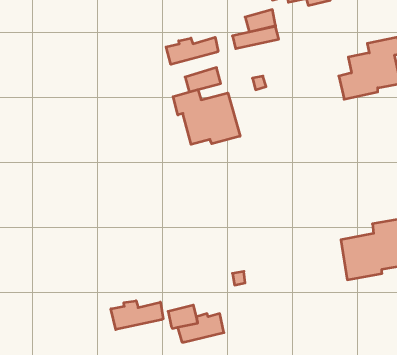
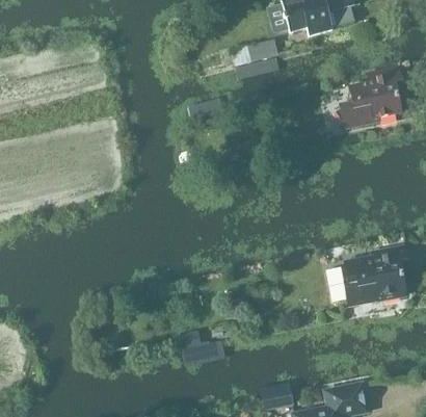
building: [166,37,218,64] -> none
building: [173,90,240,144] -> none
building: [111,301,163,330] -> none

